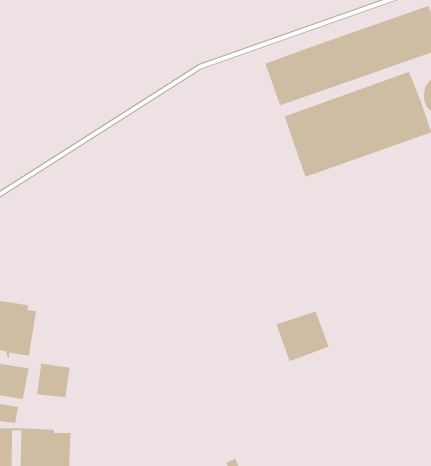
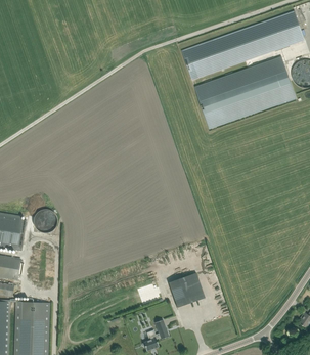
building: [276,311,330,362] -> [168,272,205,307]
building: [36,363,71,398] -> [33,208,56,231]

